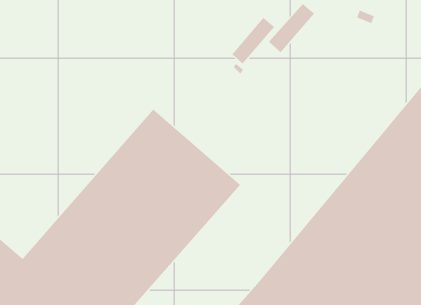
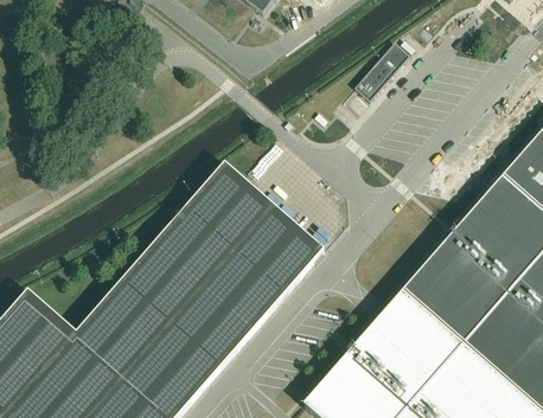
building: [231,17,275,64] -> none

